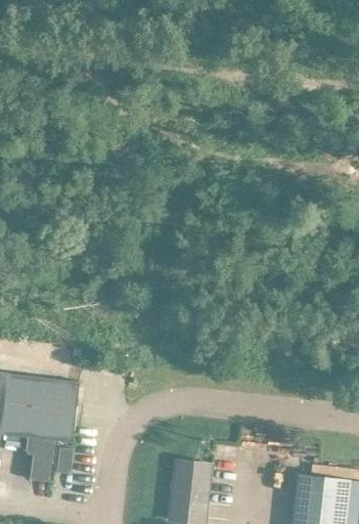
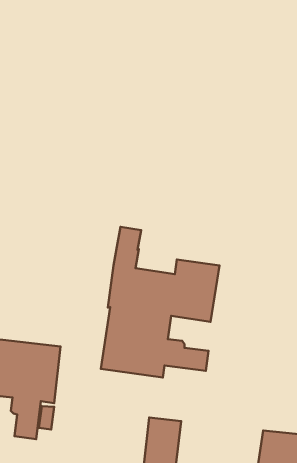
building: none -> [101,227,219,378]

